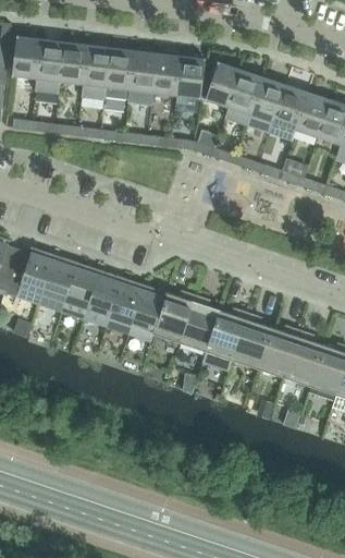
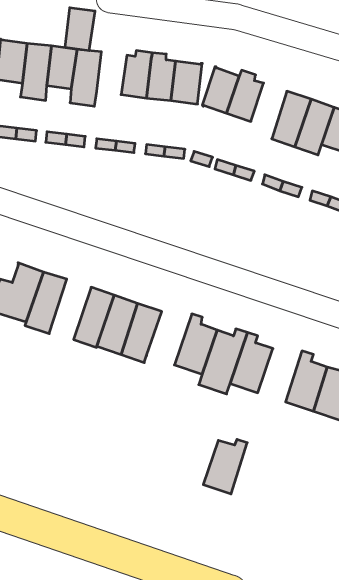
building: [107,49,135,89] -> [65,8,95,51]
building: [248,78,285,131] -> none
building: [62,263,101,322] -> none
building: [151,292,196,350] -> none
building: [258,327,299,378] -> [203,439,247,494]

